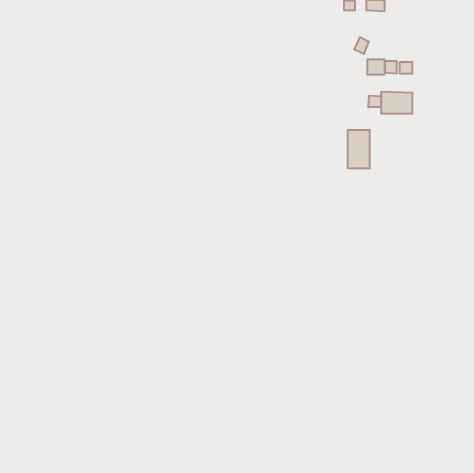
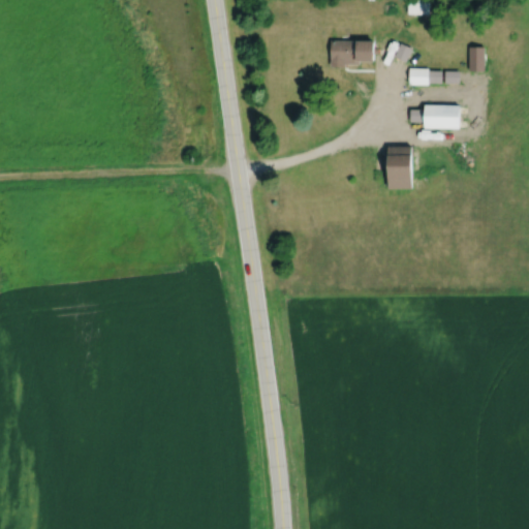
building: none -> [330,39,378,67]
building: none -> [469,46,485,71]

